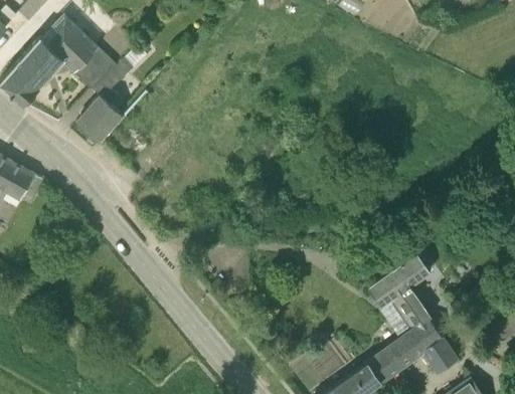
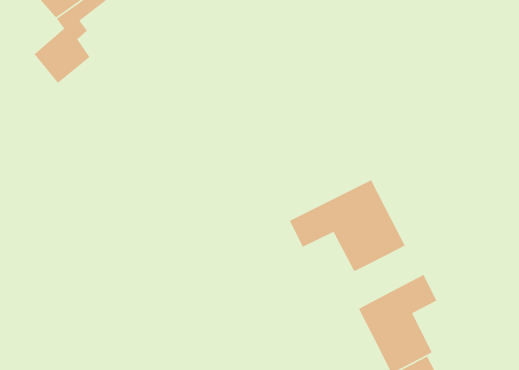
building: none -> [289,179,406,272]

